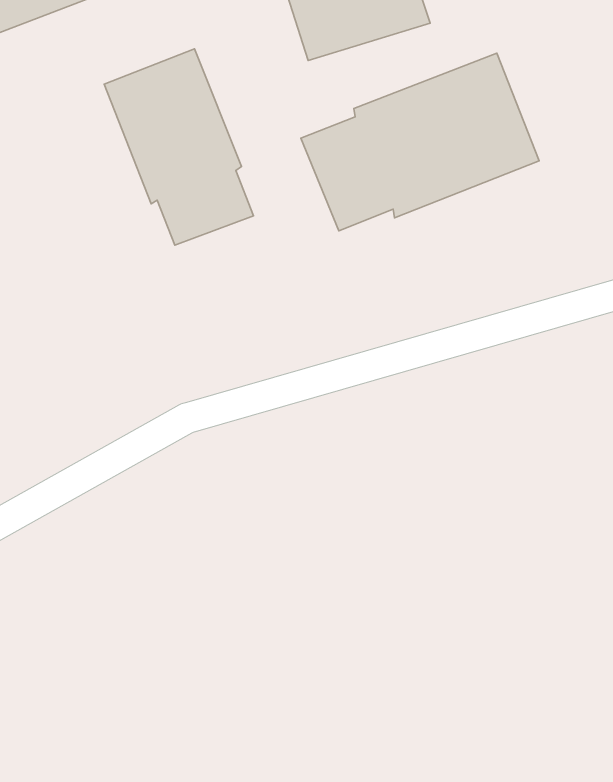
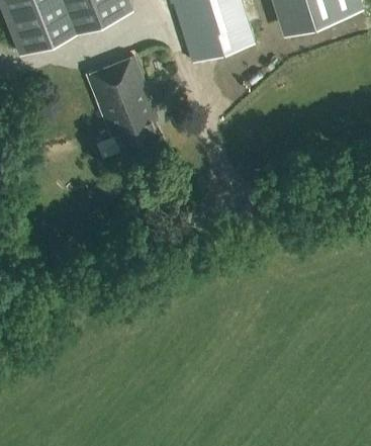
building: [301,53,539,231] -> none

